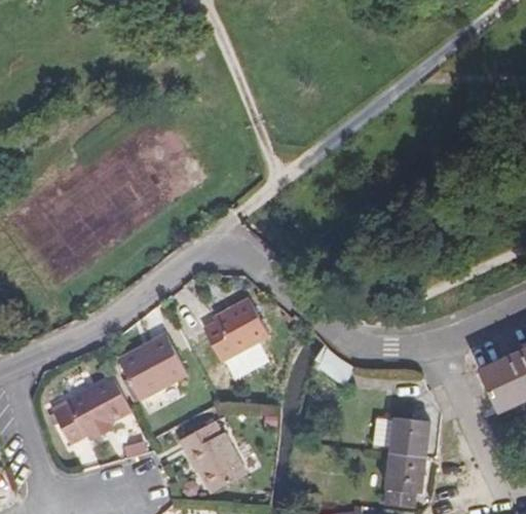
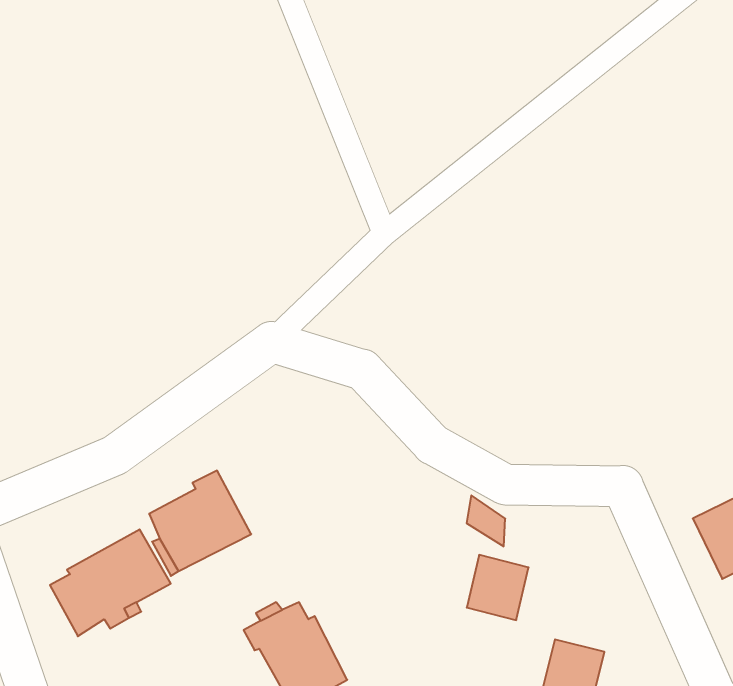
building: [202,300,267,363] -> none
building: [388,412,429,455] -> [467,555,529,620]

